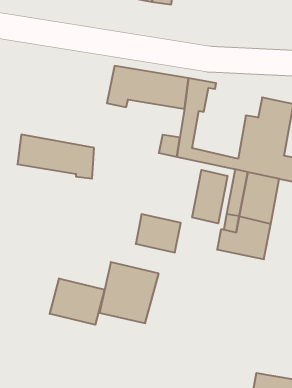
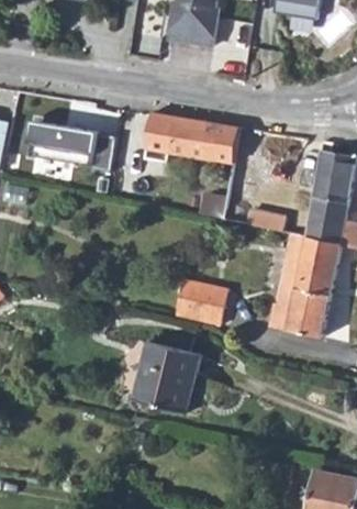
building: [17,135,94,179] -> [25,119,113,169]
building: [192,170,228,223] -> none
building: [50,278,105,325] -> none

